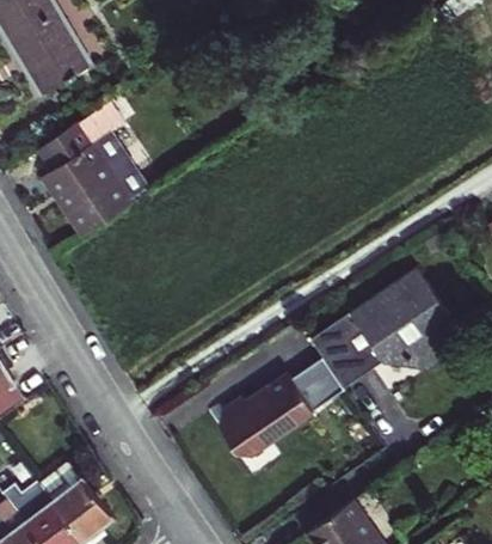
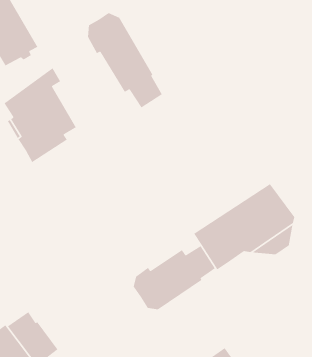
building: none -> [87,12,163,108]

